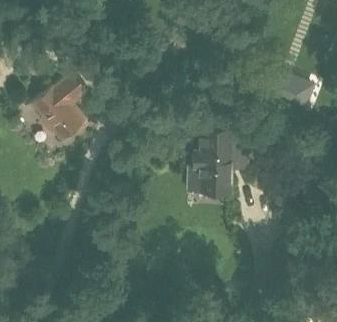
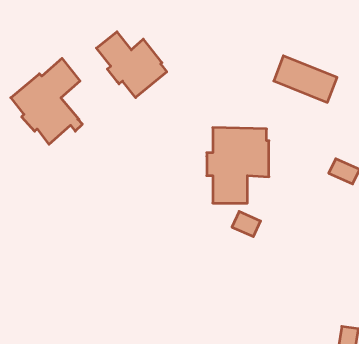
building: none -> [96,32,167,98]

